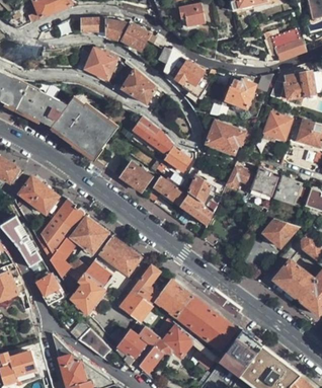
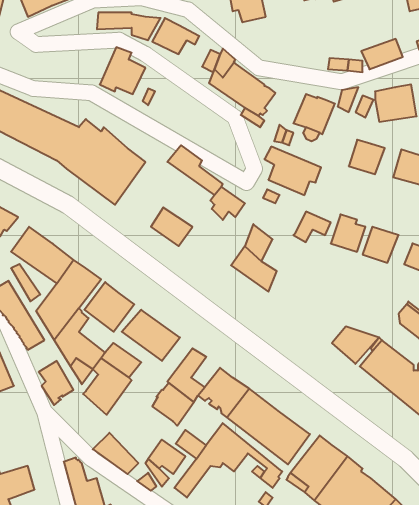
building: [122,70,156,103] -> none
building: [152,175,189,205] -> none
building: [263,219,298,246] -> [332,327,379,364]

